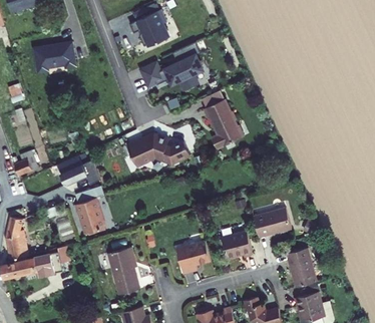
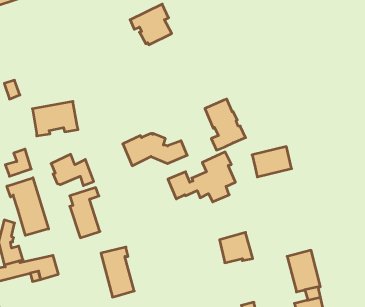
building: [35,42,79,75] -> [32,101,78,136]
building: [142,44,208,92] -> [168,152,235,202]
building: none -> [7,178,49,235]
building: [251,208,289,237] -> [252,147,292,177]
building: [172,238,208,271] -> none

